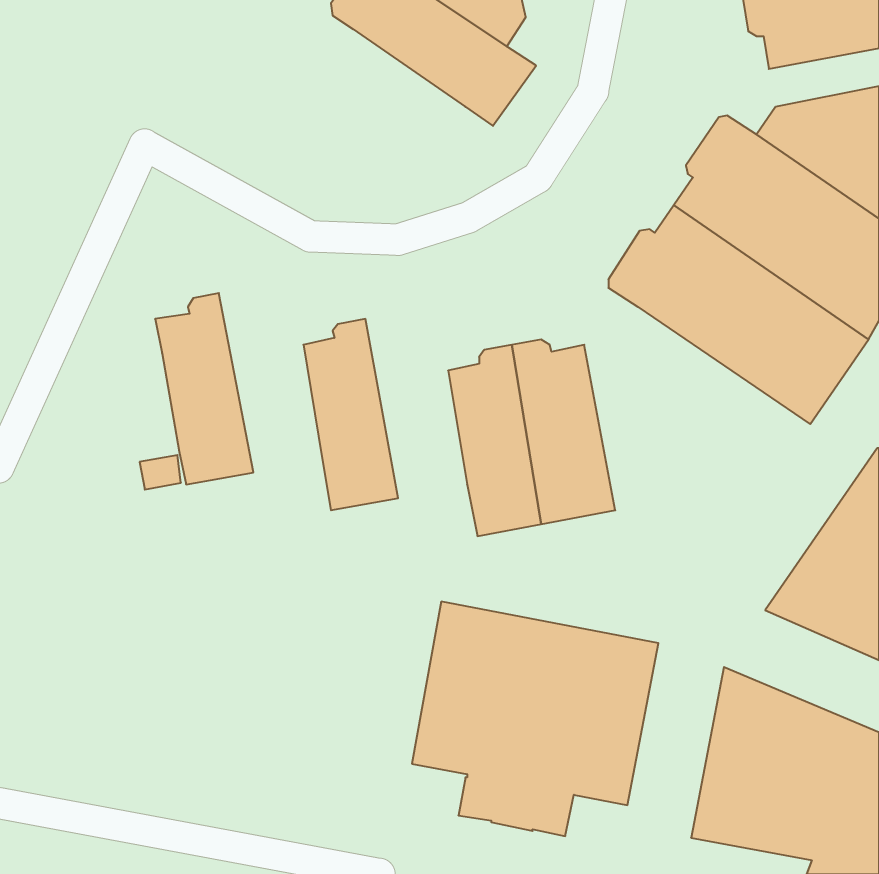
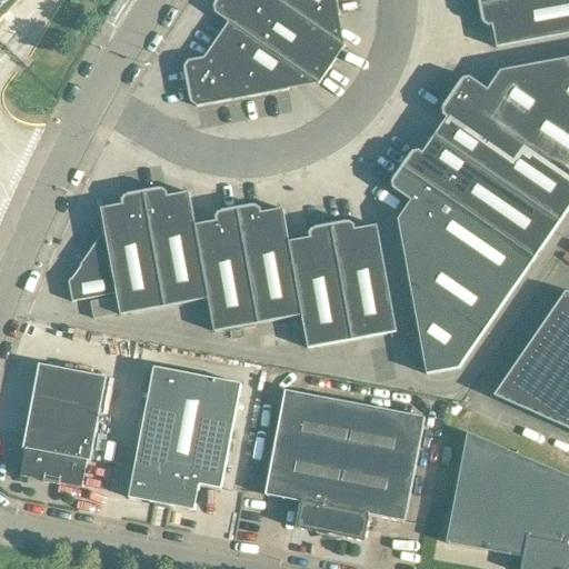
building: none -> [183,19,300,103]
building: none -> [141,186,208,305]
building: none -> [398,198,522,371]
building: none -> [236,202,301,321]
building: none -> [69,228,116,299]
building: none -> [21,361,107,485]
building: none -> [129,365,241,508]

